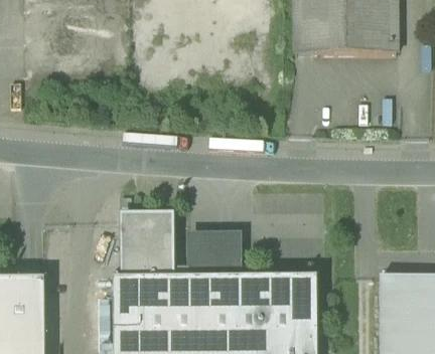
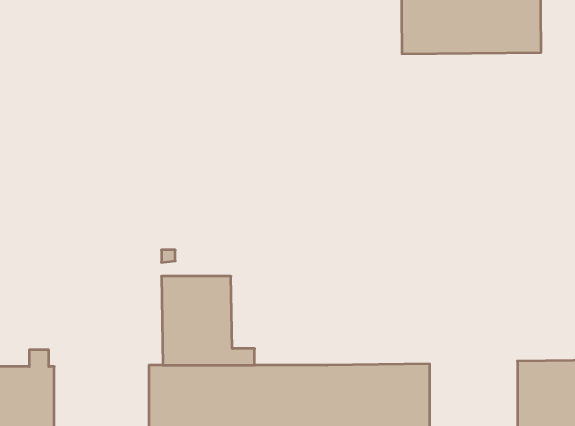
building: [189,230,242,279] -> none

